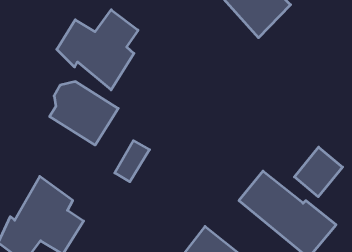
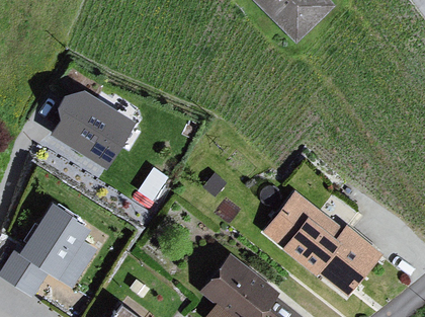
building: [57,10,138,90] -> none
building: [294,147,343,197] -> none

